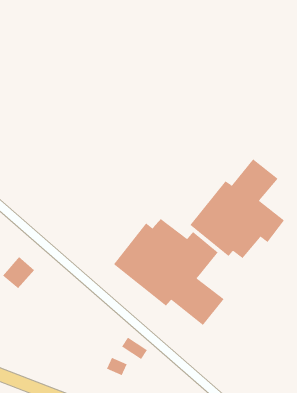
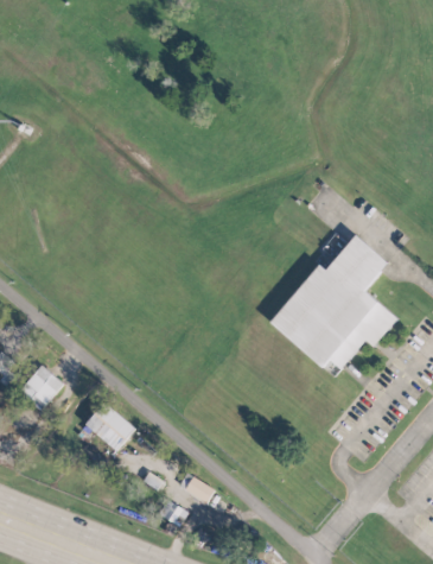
building: [113,218,225,326] -> none
building: none -> [84,403,134,450]

